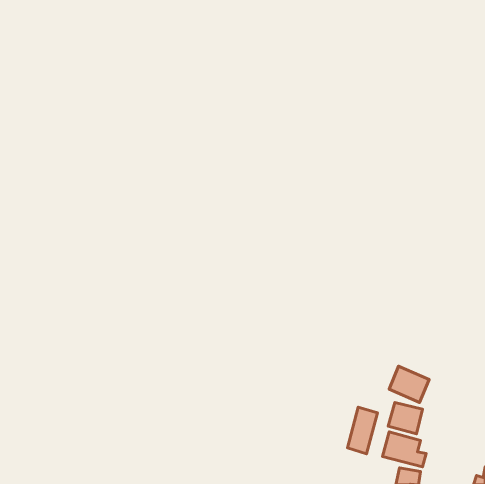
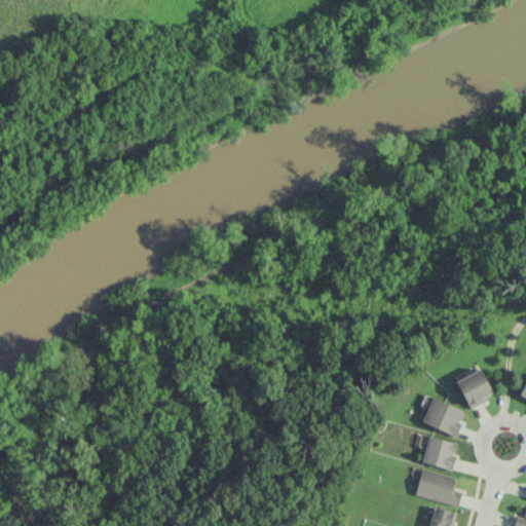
building: none -> [455,369,494,408]
building: [347,407,378,454] -> none

